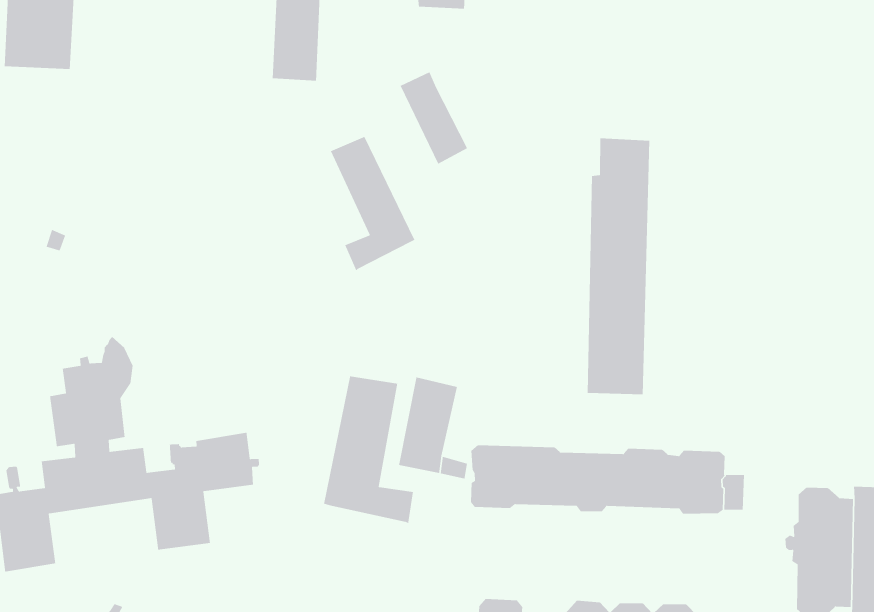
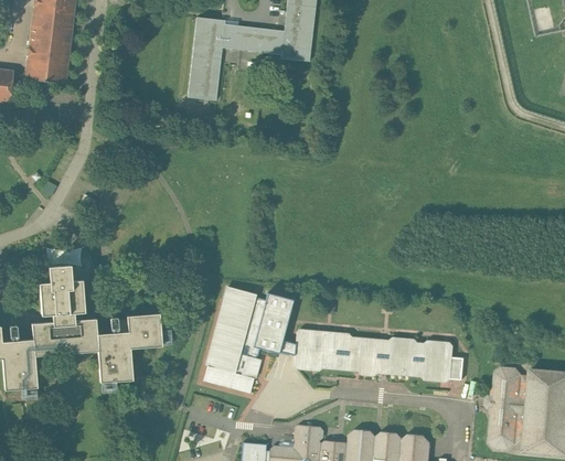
building: [399,71,468,165] -> none
building: [330,136,415,271] -> none
building: [587,137,650,395] -> none
building: none -> [203,362,254,392]

